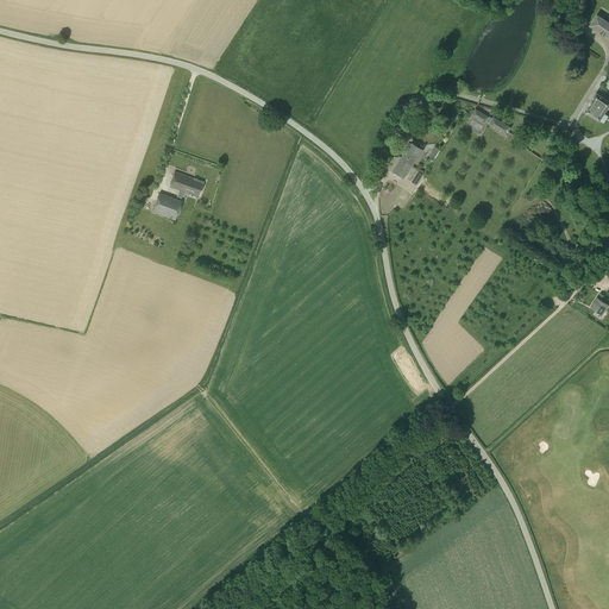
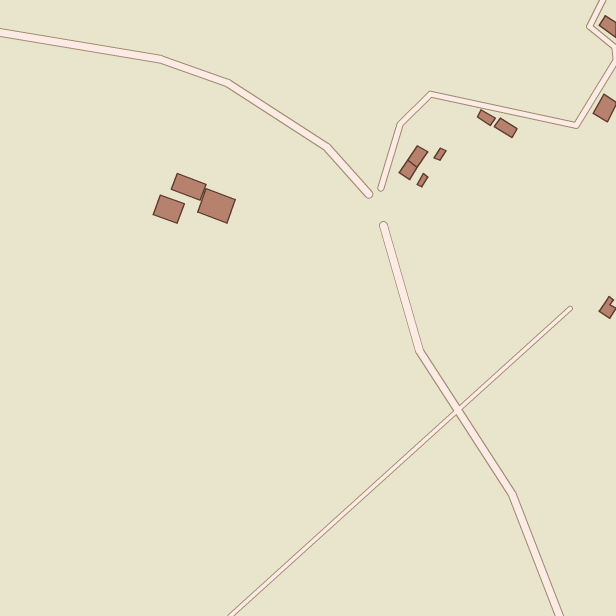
building: none -> [198,189,235,223]

